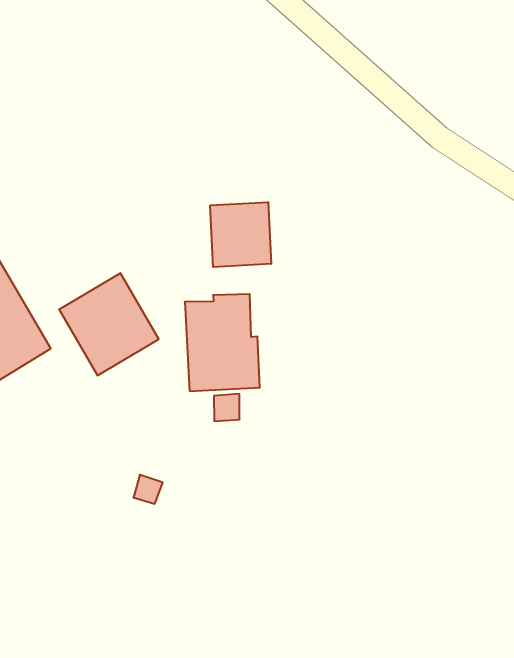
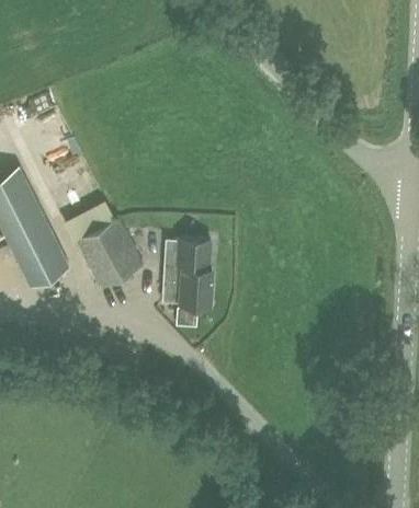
building: [210,202,271,267] -> none

